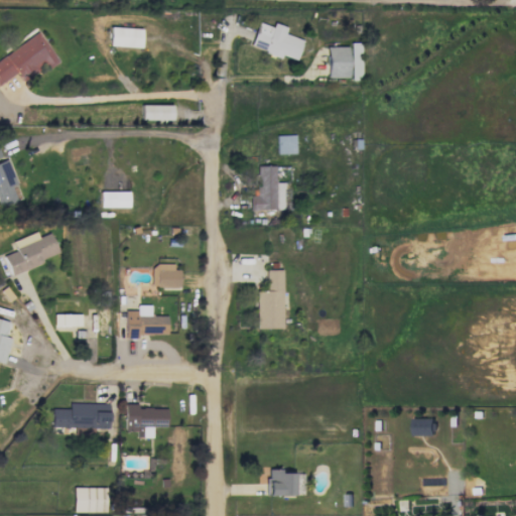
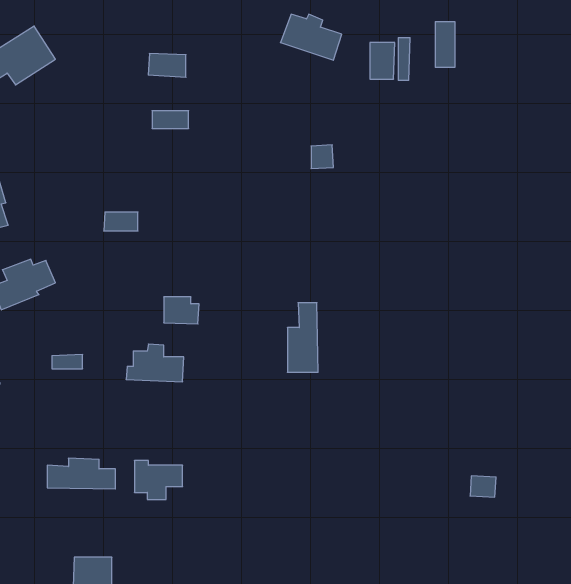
building: [112,27,144,47] -> [148,54,186,77]
building: none -> [435,22,455,67]
building: [252,165,287,211] -> none
building: [270,469,297,496] -> none

